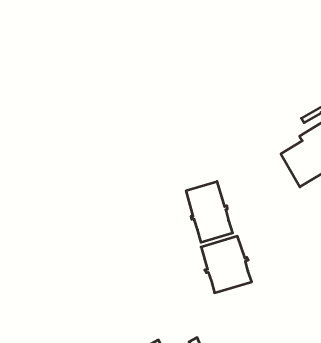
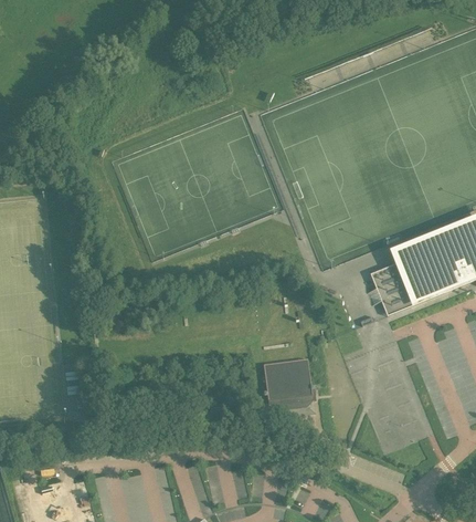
building: [186,181,233,242] -> none

